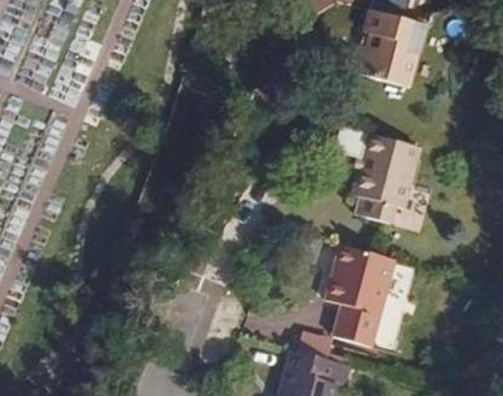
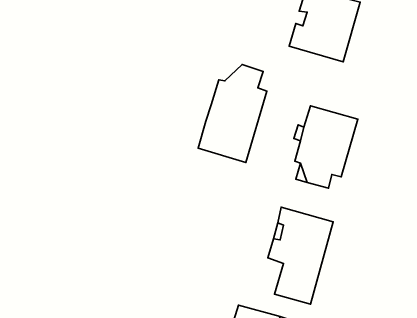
building: none -> [198,64,267,163]

